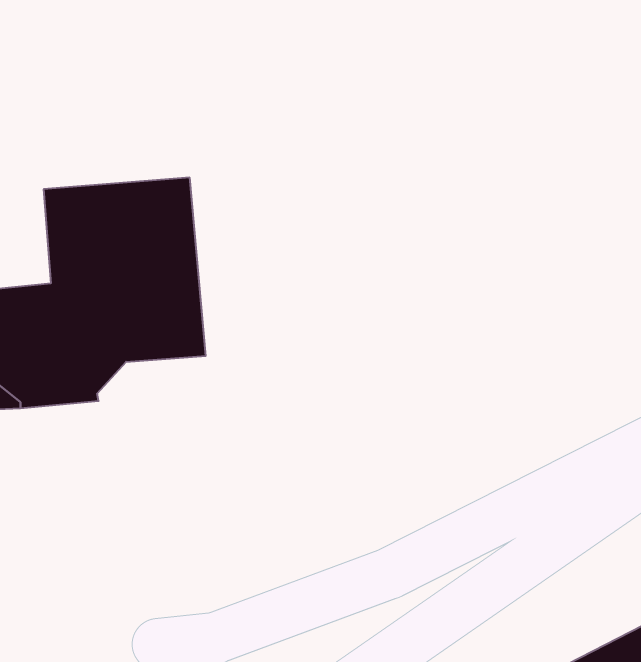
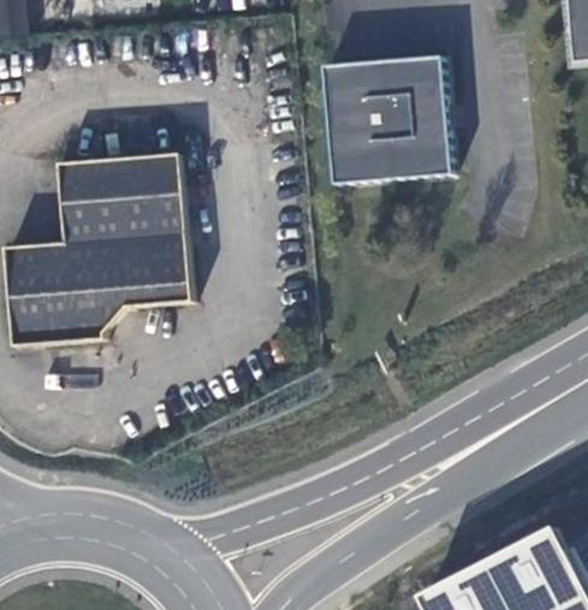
building: none -> [323,55,451,183]

